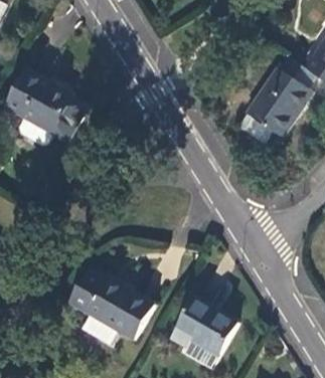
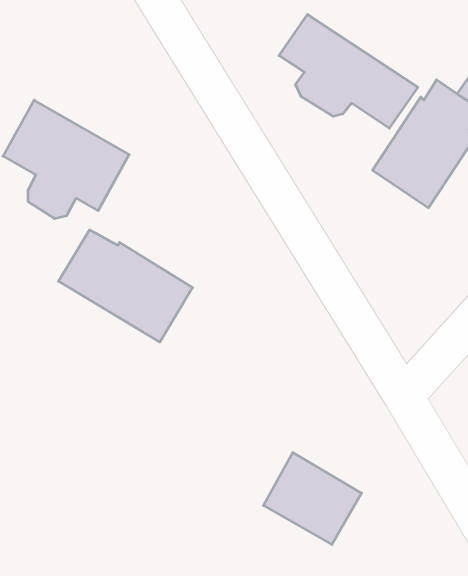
building: none -> [279,14,418,128]
building: [67,268,154,341] -> [58,230,193,342]

